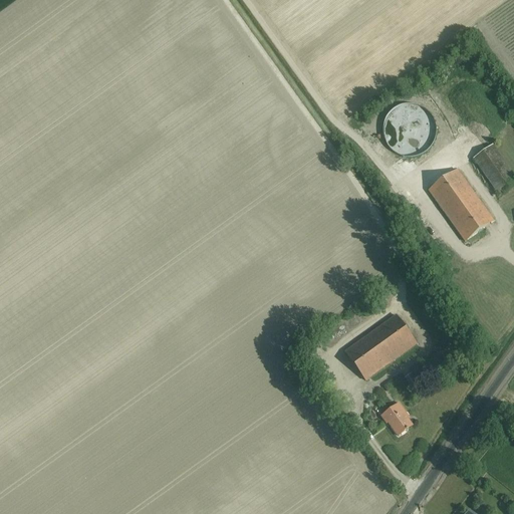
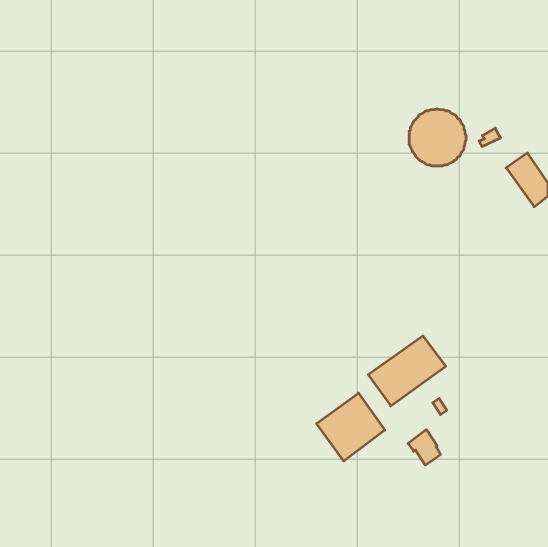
building: [428,168,493,239] -> none
building: none -> [317,393,385,461]

